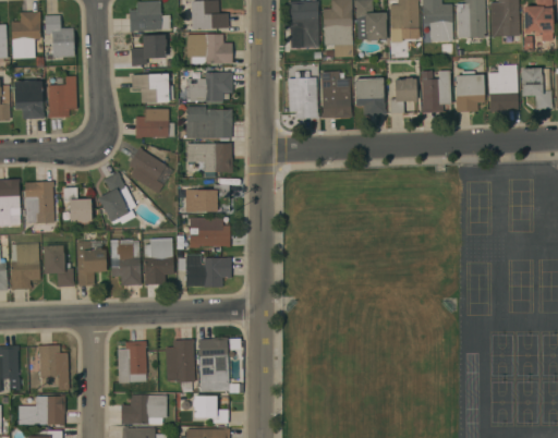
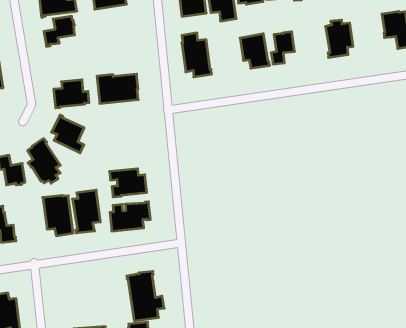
building: [187,34,232,64] -> none
building: [488,65,518,112] -> none
building: [181,71,232,102] -> none
building: [322,71,351,118] -> none
building: [421,71,451,113] -> none
building: [132,73,173,102] -> none
building: [186,143,232,172] -> none
building: [185,184,229,212] -> none
building: [75,241,106,285] -> none
building: [165,340,195,382] -> none
building: [117,341,146,384] -> none

